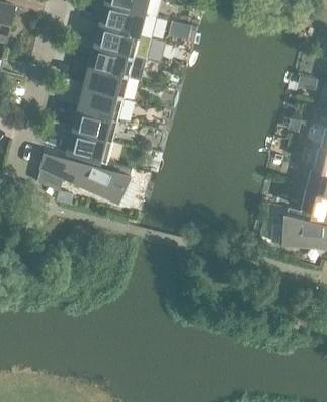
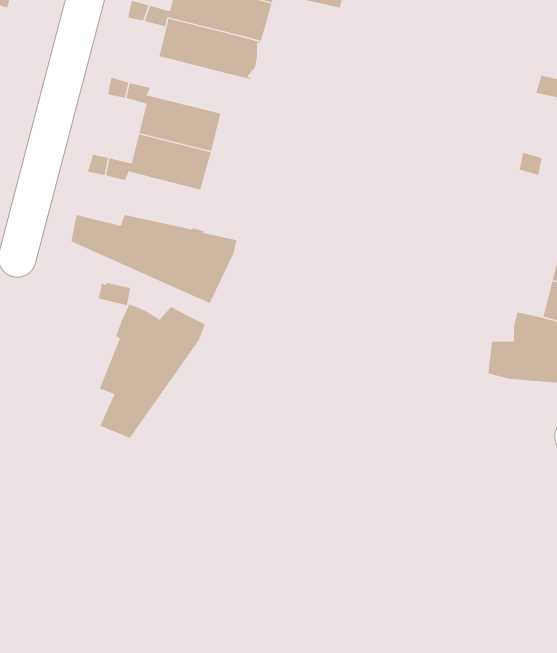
building: [83,67,129,98] -> none
building: [67,131,112,162] -> none
building: none -> [99,303,206,439]

